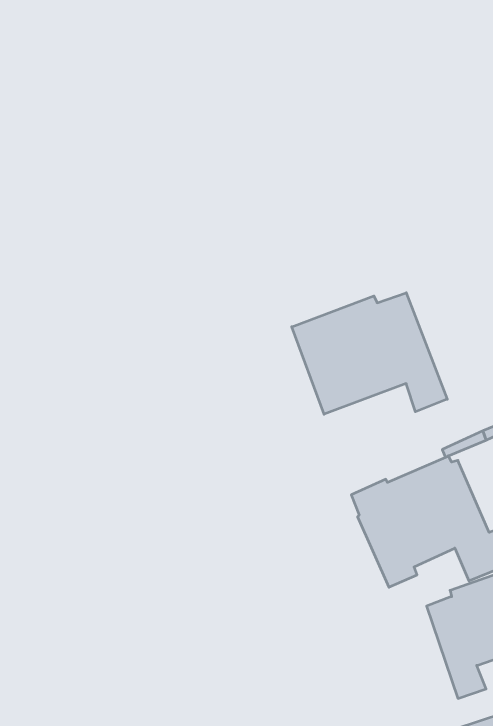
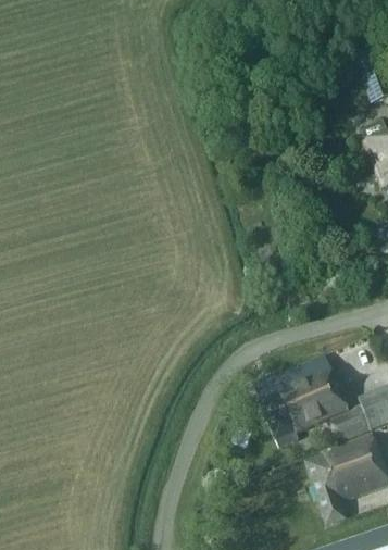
building: [292,293,447,414] -> none

